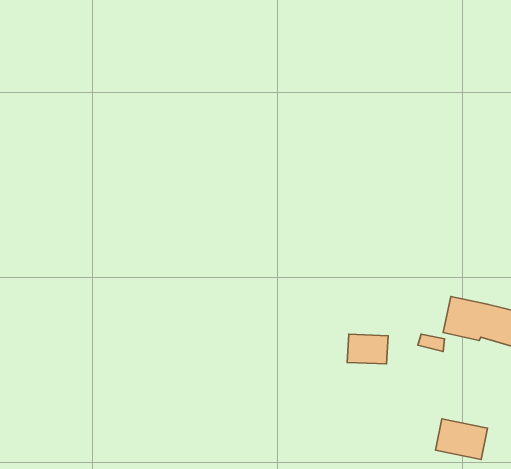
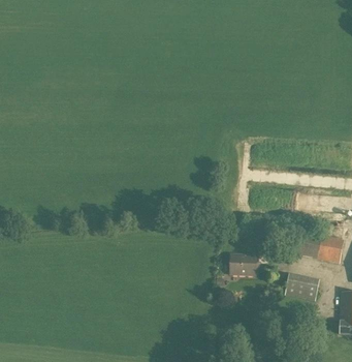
building: [436,419,487,460] -> [284,274,318,301]

